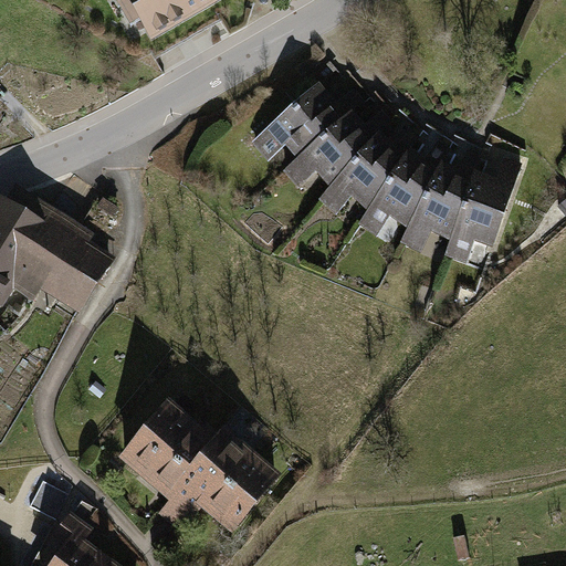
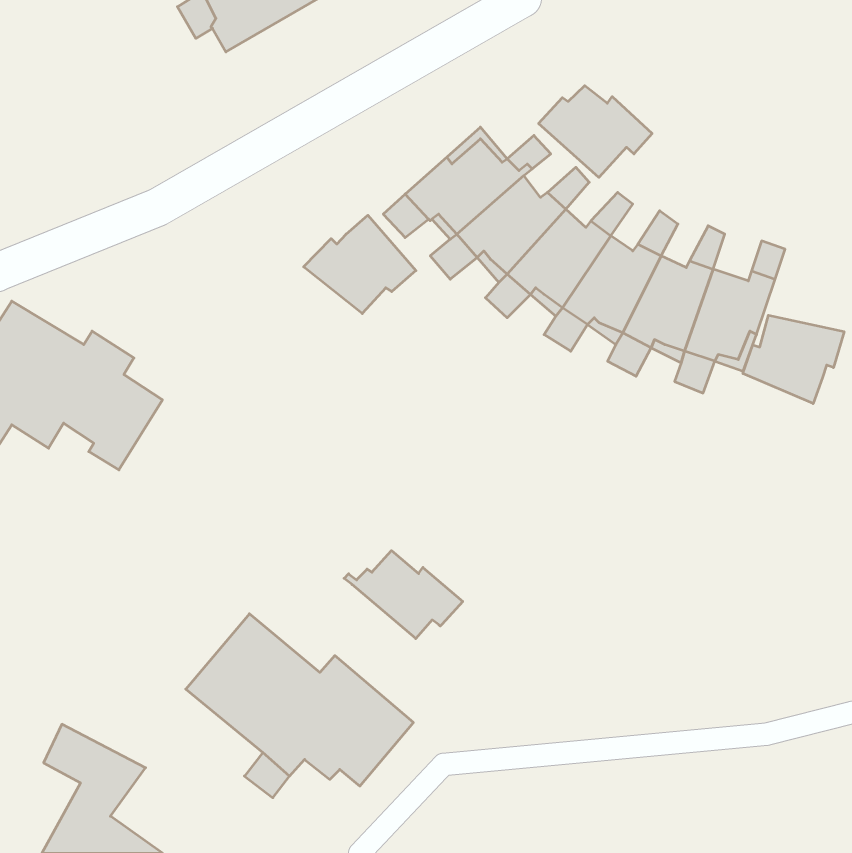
building: none -> [539,86,652,177]
building: none -> [304,215,416,314]
building: none -> [743,315,844,404]
building: none -> [344,551,463,639]

